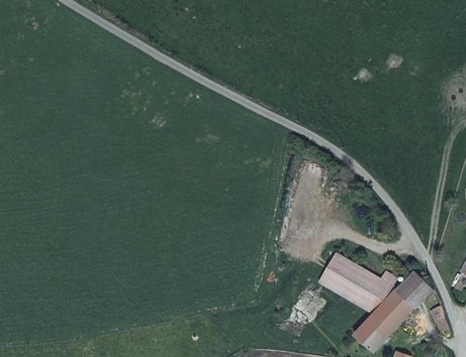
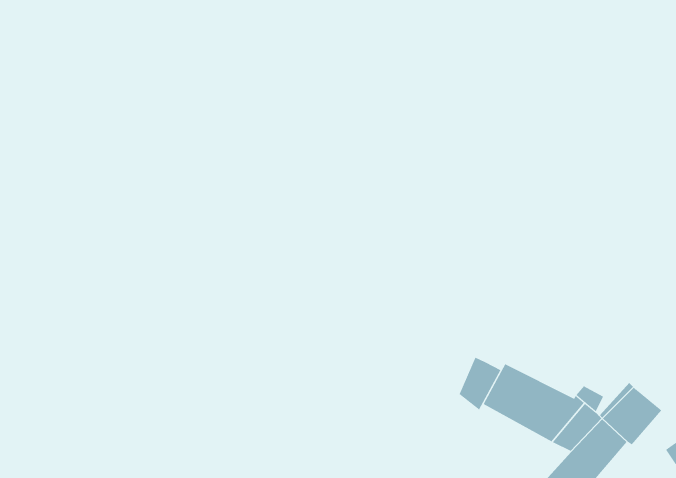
building: none -> [459,357,501,410]

